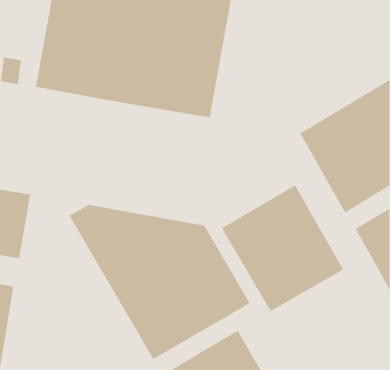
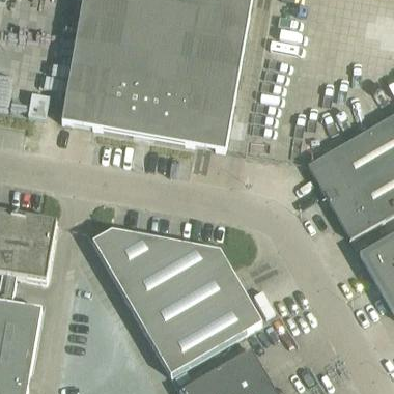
building: [221,184,344,312] -> none

